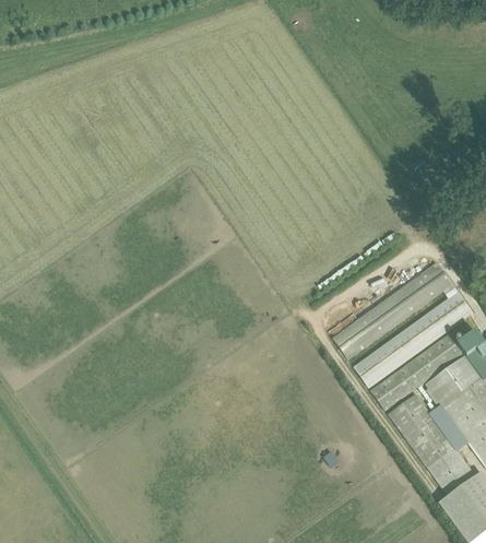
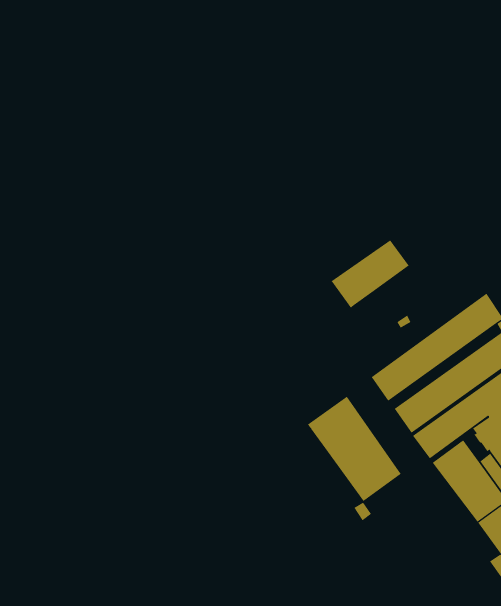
building: none -> [331,240,409,309]
building: none -> [307,396,401,502]

